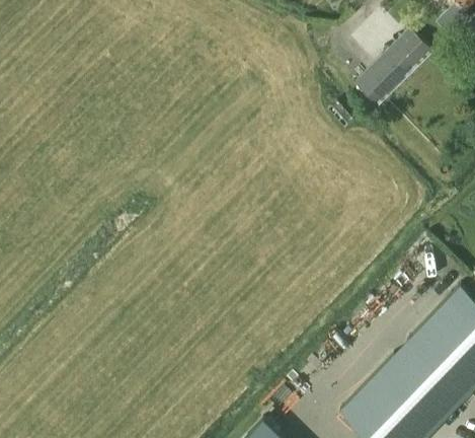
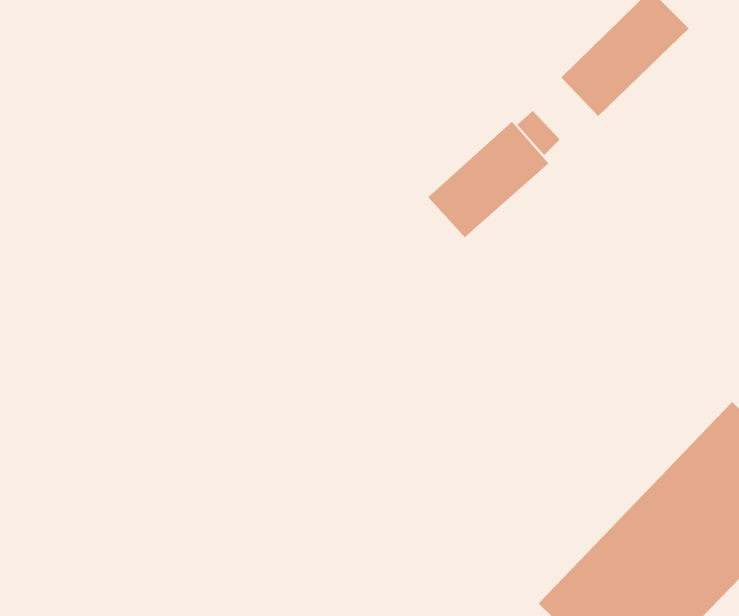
building: none -> [428,121,549,238]

